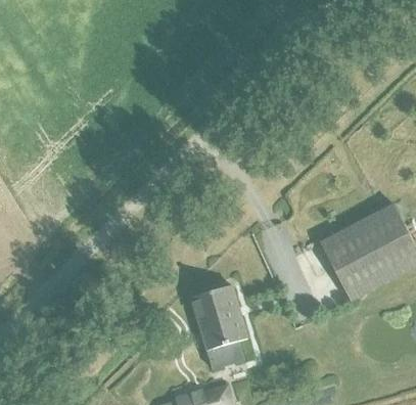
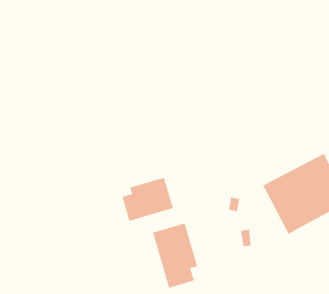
building: none -> [122,177,174,222]

